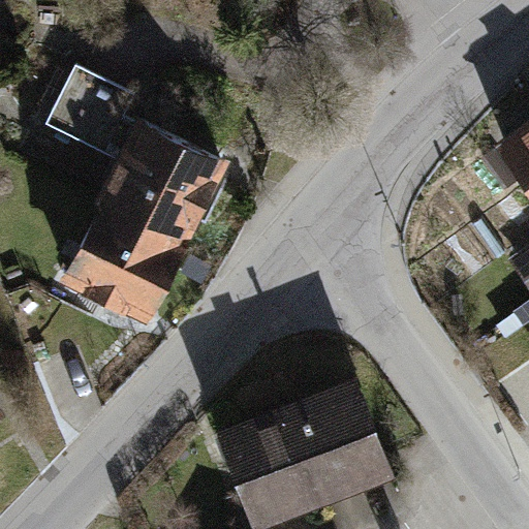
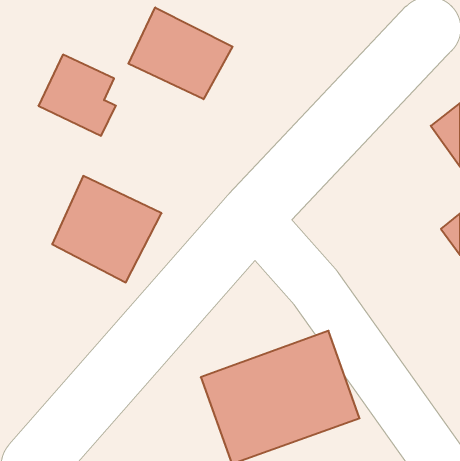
building: none -> [128,7,233,99]
building: [94,121,222,247] -> none

